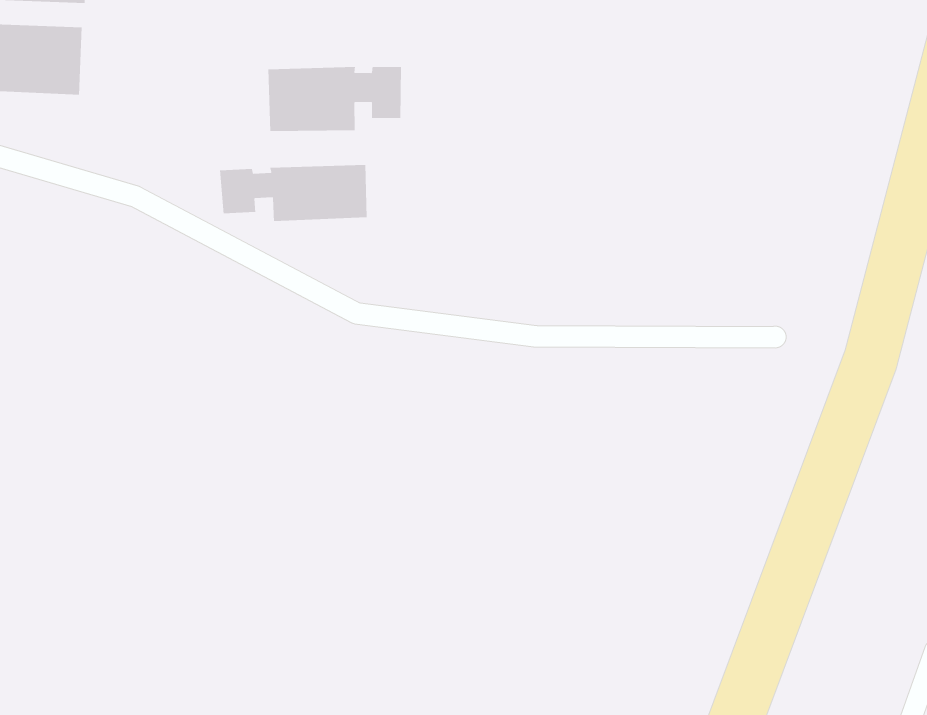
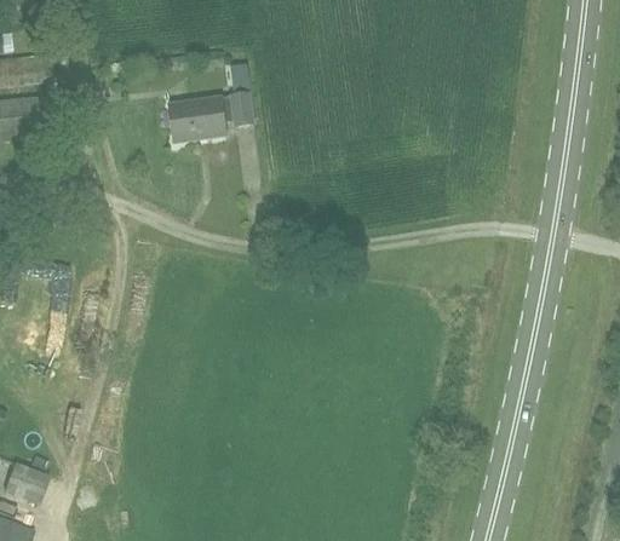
building: [220,164,367,222] -> none

